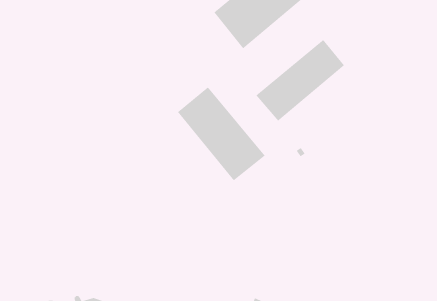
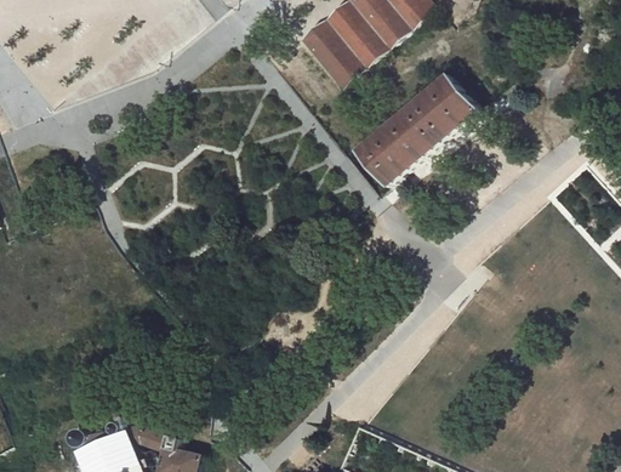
building: [177,86,266,181] -> none

